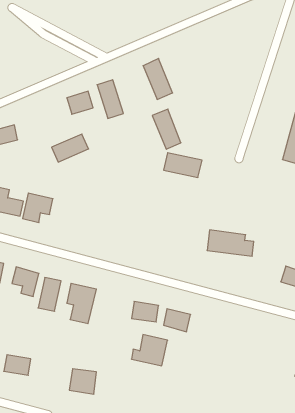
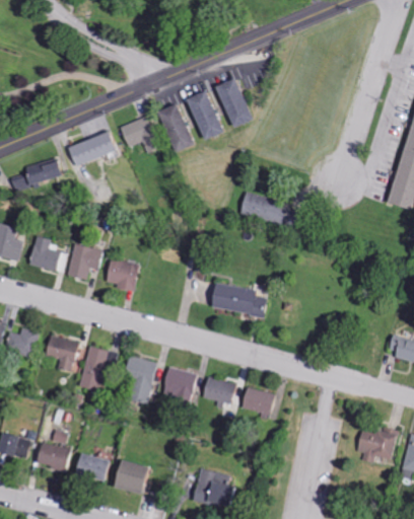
building: [152,109,181,149] -> [185,90,220,140]
building: [52,134,89,162] -> [66,132,112,166]
building: none -> [105,260,136,291]
building: [207,230,254,256] -> [207,283,265,315]
building: none -> [159,366,195,405]
building: [131,335,168,366] -> [185,468,229,507]
building: none -> [356,428,396,462]
building: none -> [82,453,115,479]

